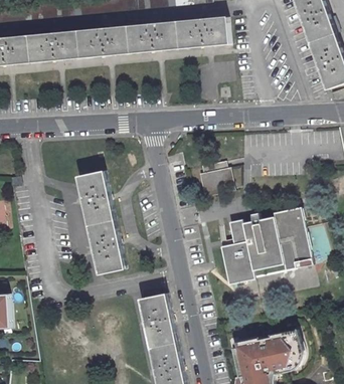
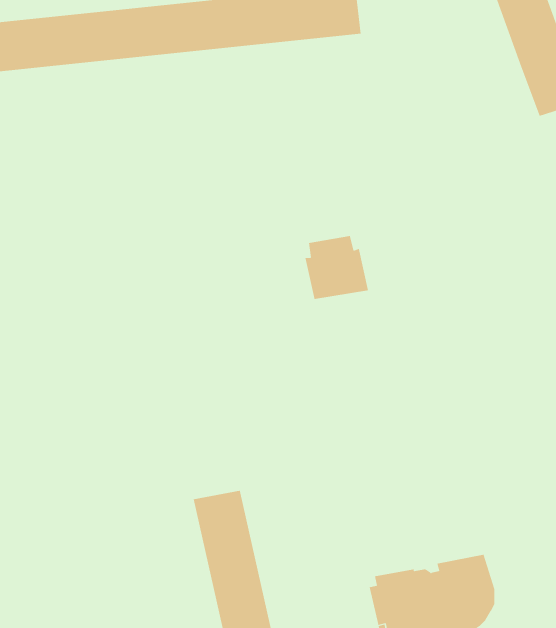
building: [73,172,123,275] -> none
building: [221,204,314,277] -> none

